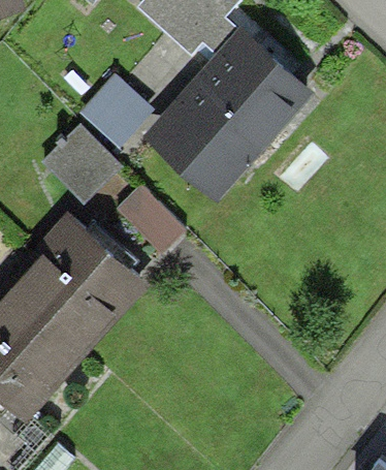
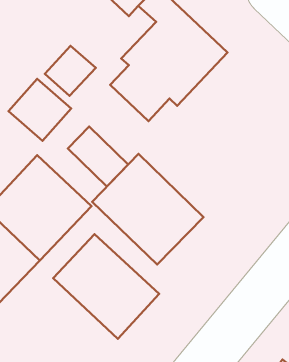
building: none -> [92,154,203,265]
building: none -> [53,234,159,339]

